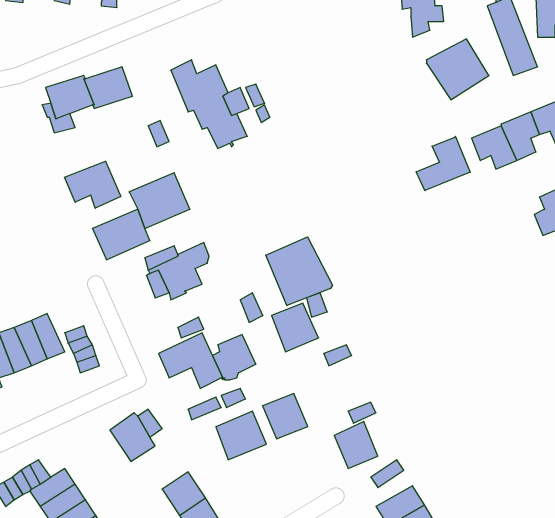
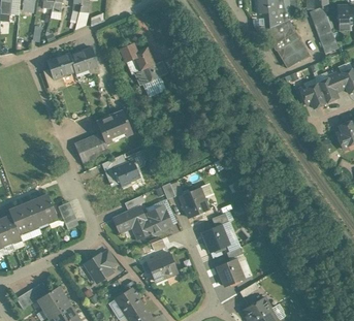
building: [416,136,470,191] -> none
building: [65,161,121,208] -> none
building: [266,237,332,306] -> none
building: [263,394,308,439] -> [202,225,229,252]

